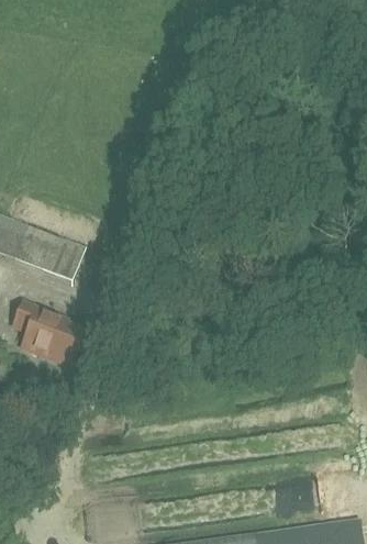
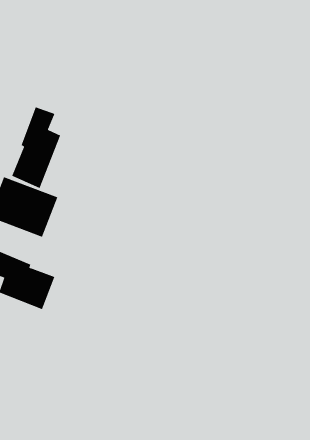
building: none -> [11,106,61,189]

